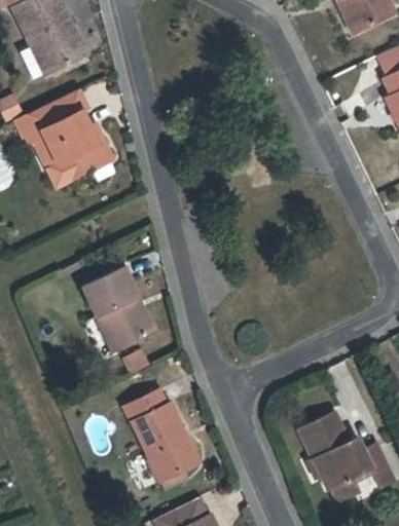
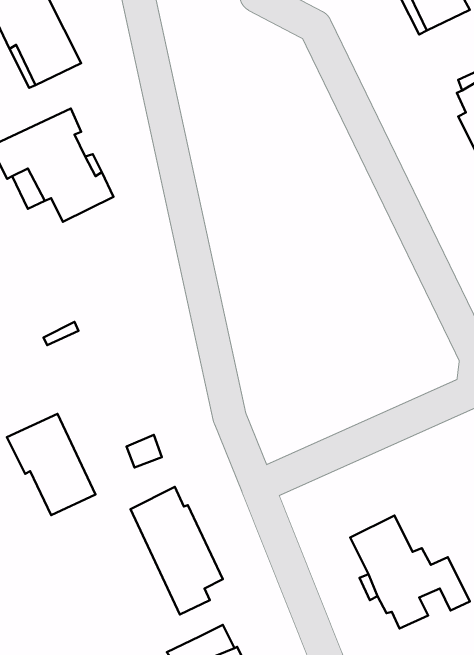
building: [81,267,151,347] -> [7,414,95,515]

